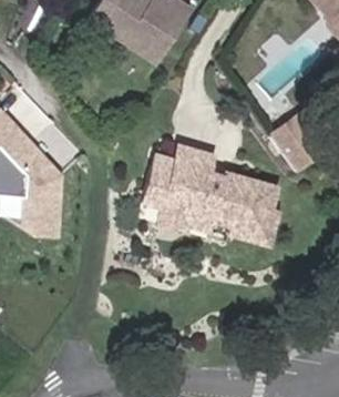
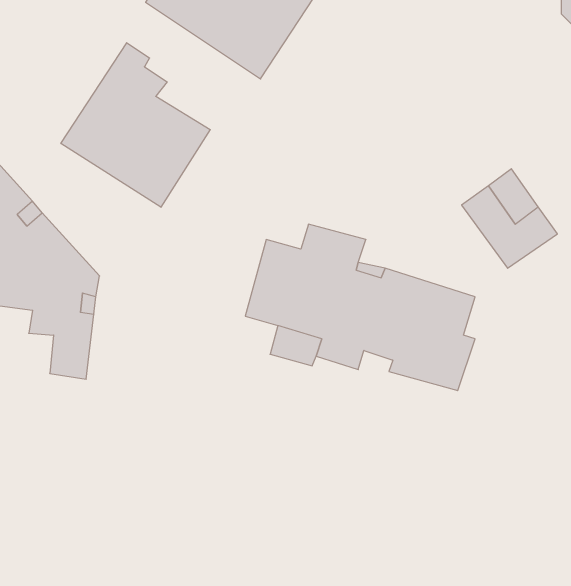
building: none -> [61,43,210,207]

